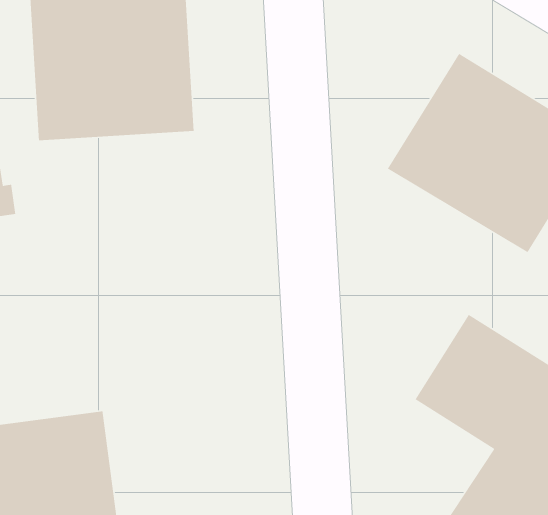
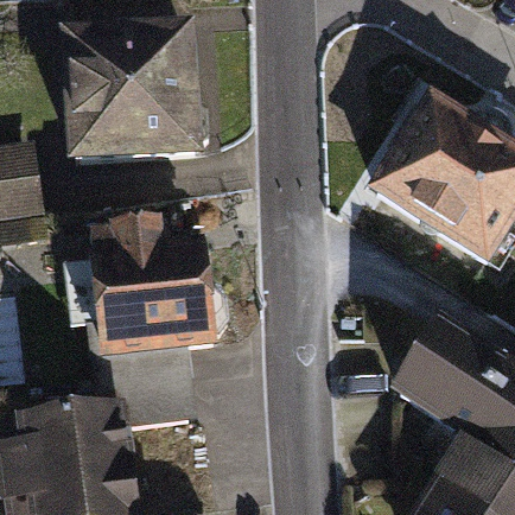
building: none -> [80,216,205,354]

